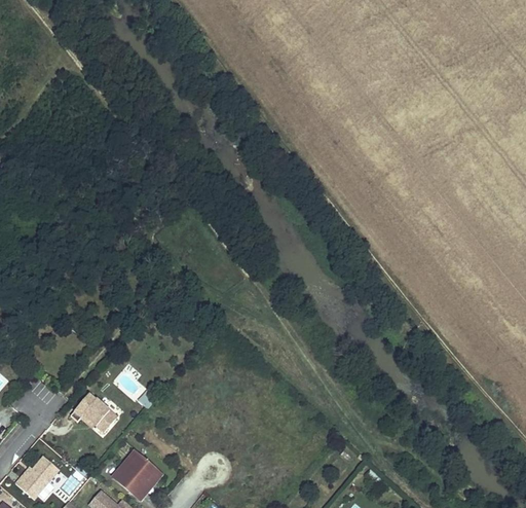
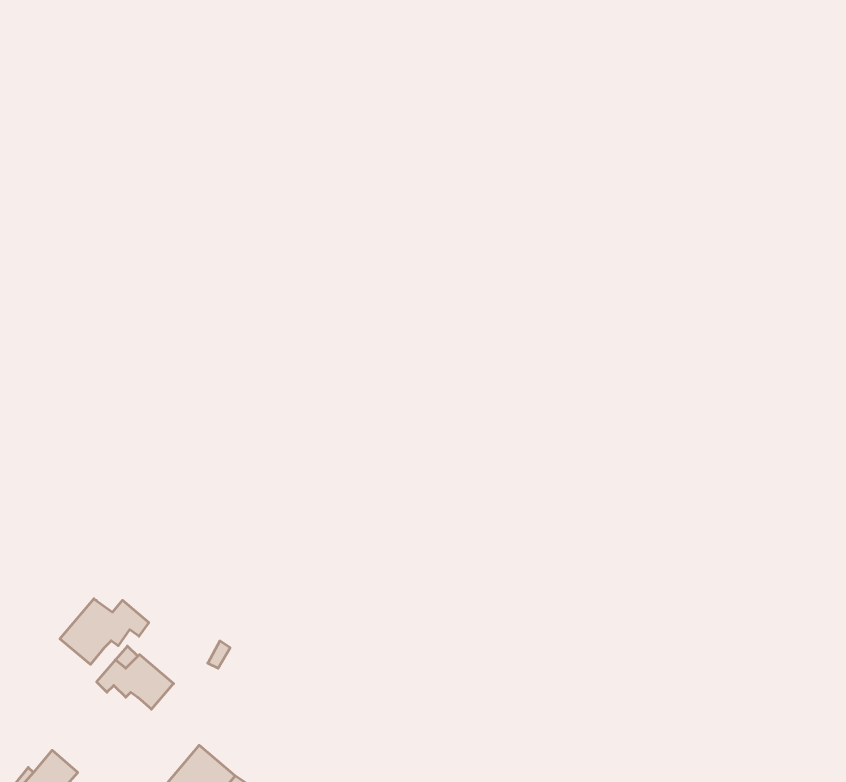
building: none -> [60,599,149,664]

